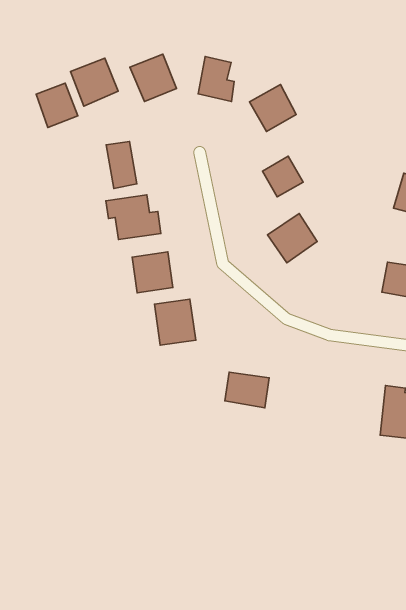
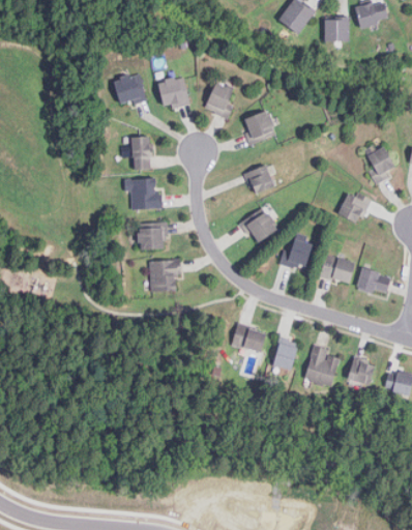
building: [36,83,78,127] -> none
building: none -> [278,239,312,269]
building: [225,372,269,408] -> [231,323,266,353]
building: none -> [268,340,293,369]

